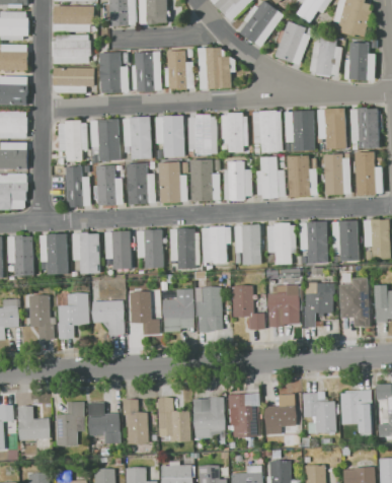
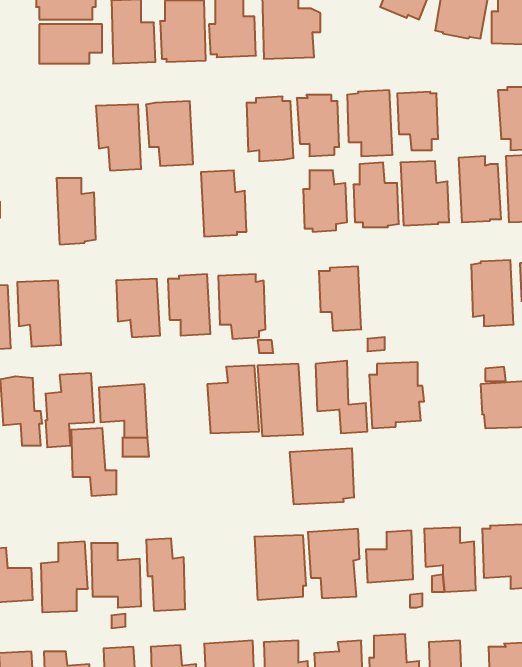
building: [318,110,346,142] -> none
building: [155,115,184,157] -> none
building: [59,121,86,161] -> none
building: [190,158,221,201] -> none
building: [127,162,156,206] -> none
building: [93,165,123,205] -> none
building: [300,220,329,263] -> none
building: [266,223,297,265] -> none
building: [202,225,231,262] -> none
building: [72,232,100,274] -> none
building: [303,282,335,327] -> none
building: [130,291,159,335] -> [71,428,117,496]
building: none -> [290,448,354,504]
building: [158,397,190,441] -> none

